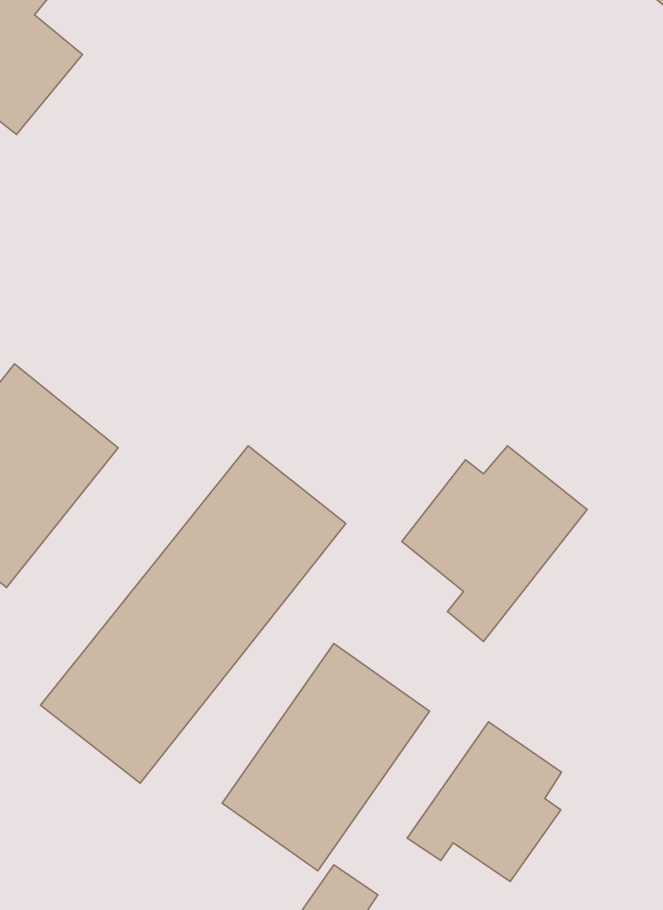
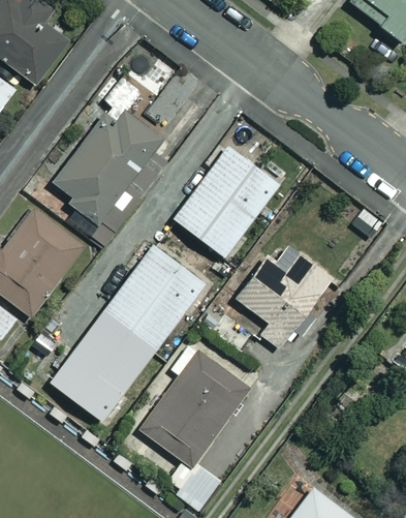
building: none -> [53,112,164,245]
building: none -> [173,146,279,257]
building: [407,722,562,882] -> none

